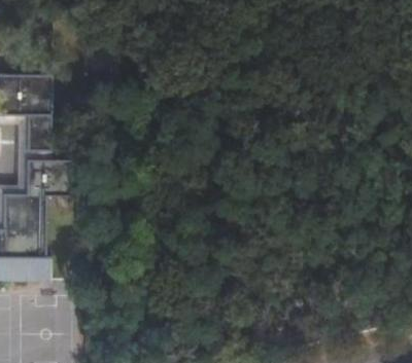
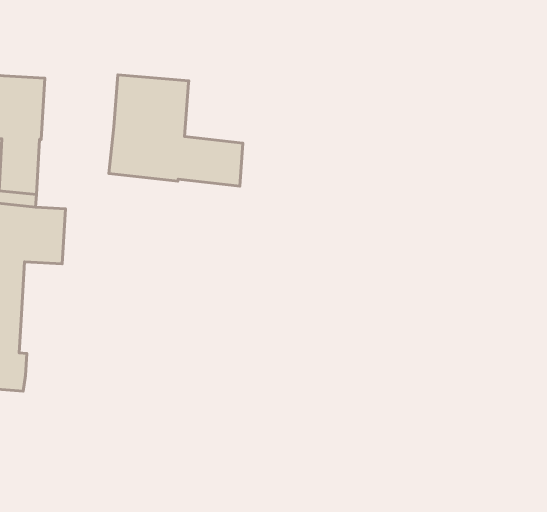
building: none -> [109,75,243,186]

